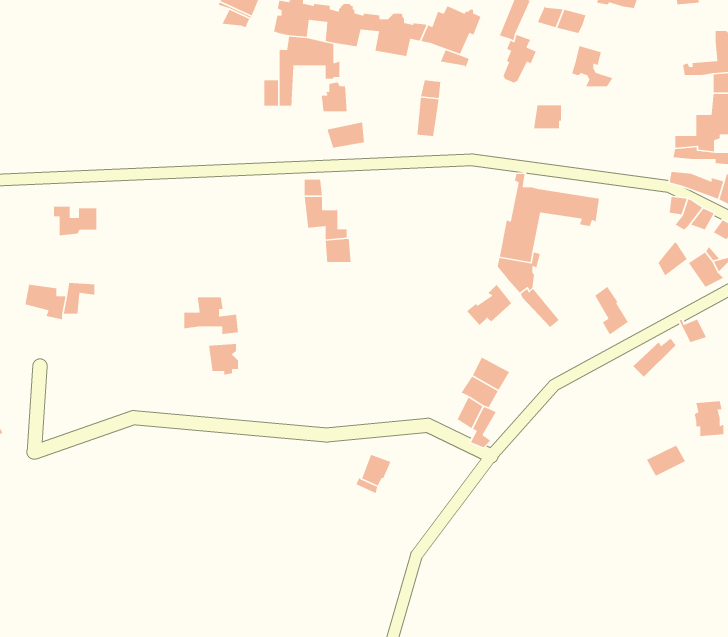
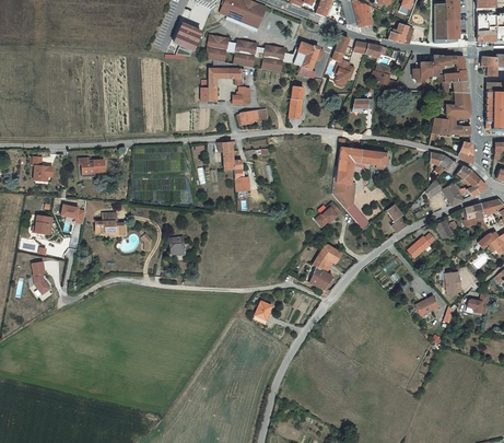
building: none -> [414,57,450,82]
building: [183,297,239,335] -> [94,213,126,235]

